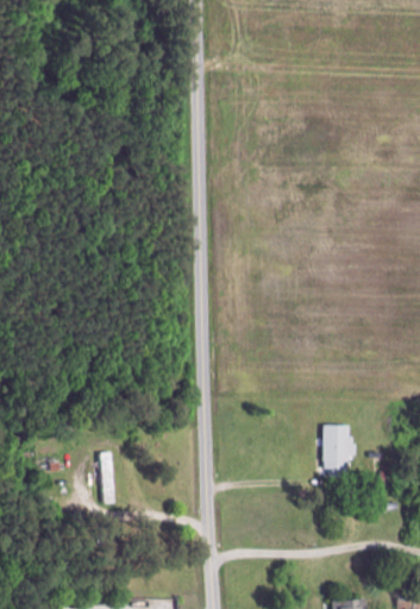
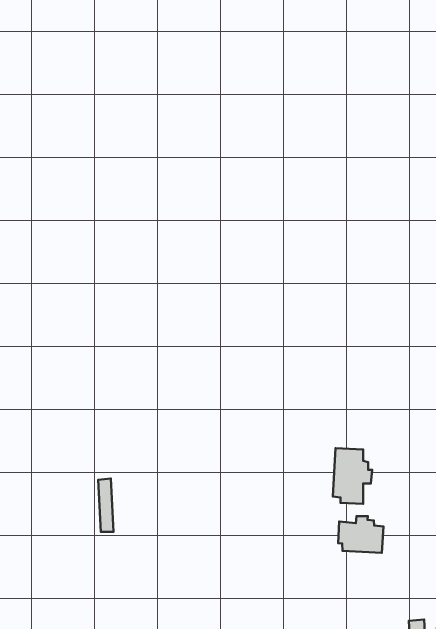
building: none -> [338,516,384,553]

